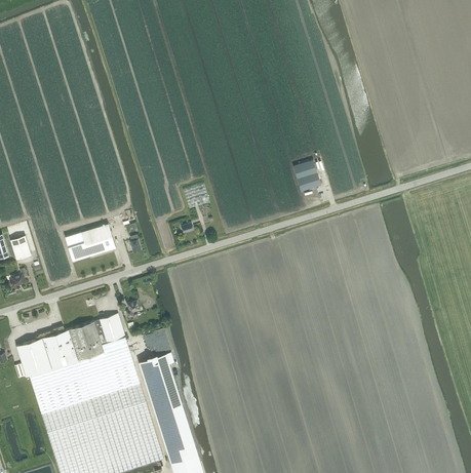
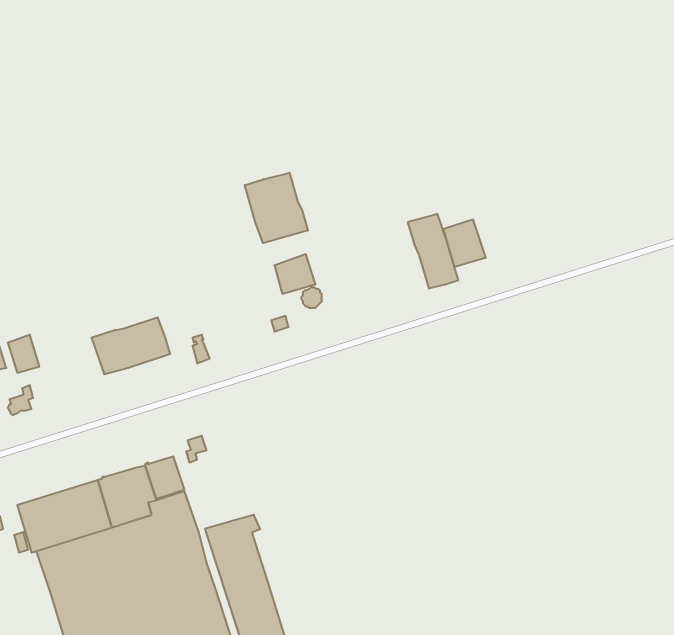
building: none -> [245,173,308,243]
building: none -> [408,214,458,289]

